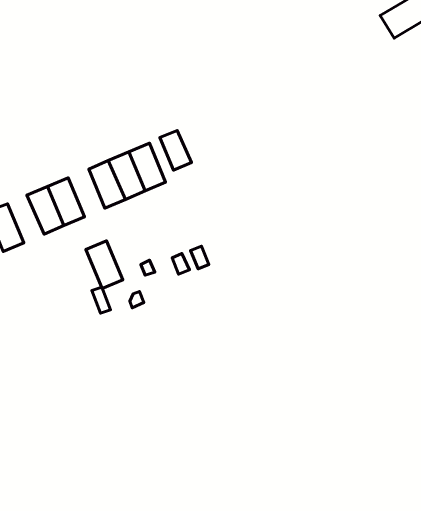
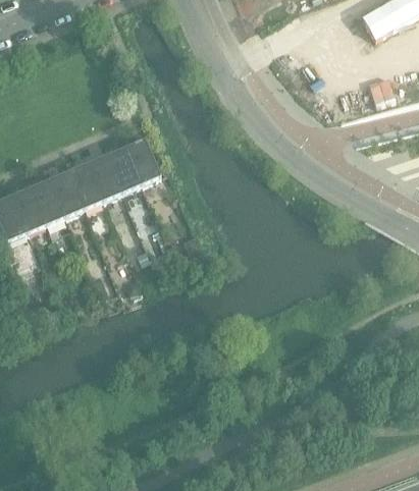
building: [160,130,191,170] -> none
building: none -> [11,187,46,232]
building: [86,241,123,288] -> [68,163,103,208]

